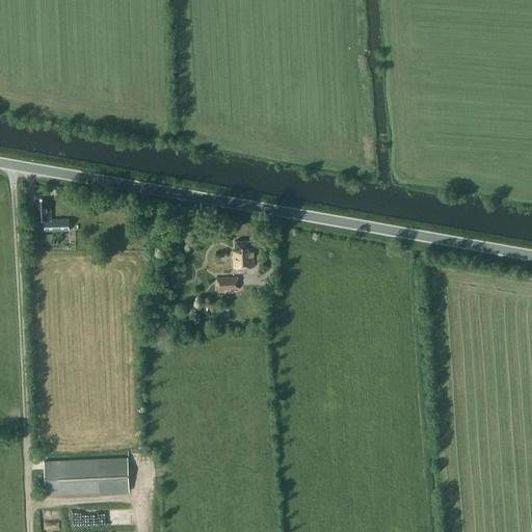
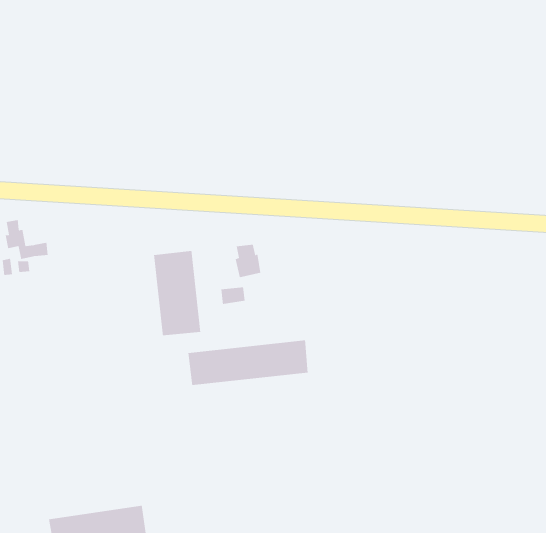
building: none -> [153,250,201,336]
building: none -> [188,340,308,386]

